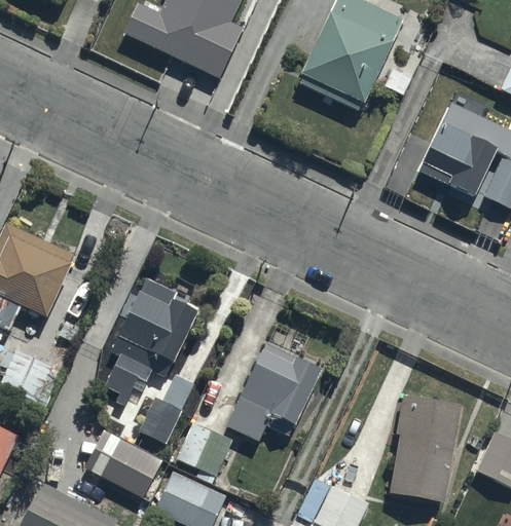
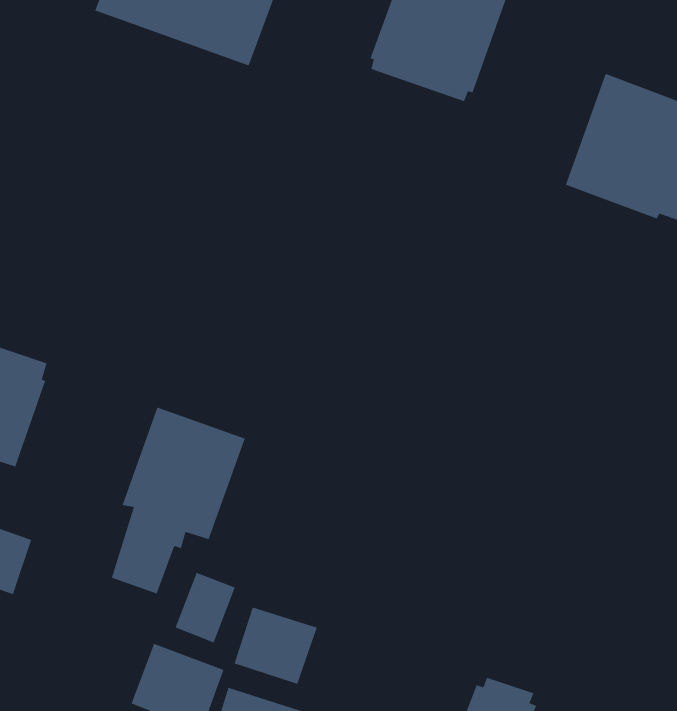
building: [226,344,322,442] -> none
building: [390,397,461,503] -> none

